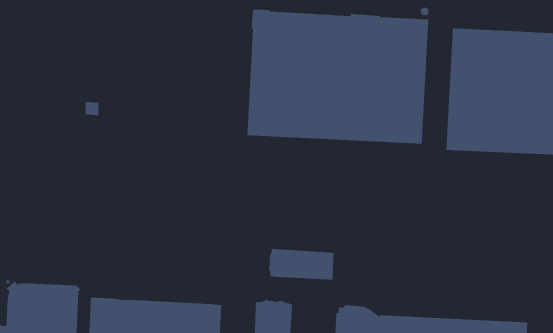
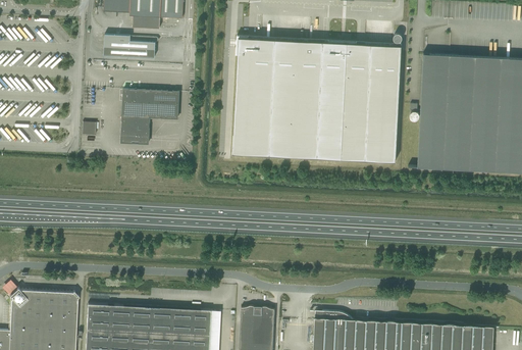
building: none -> [104,35,159,58]
building: none -> [120,89,179,146]
building: [268,248,334,280] -> none

